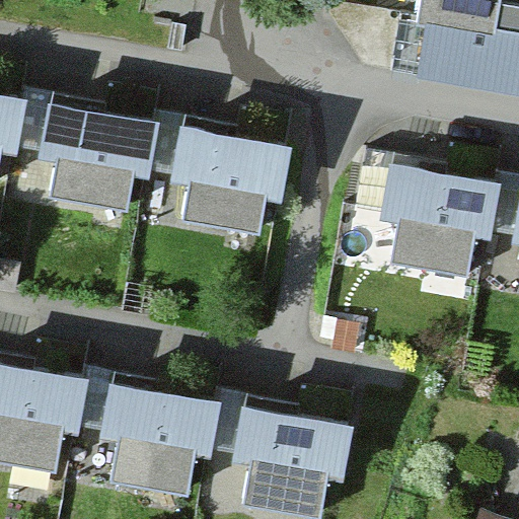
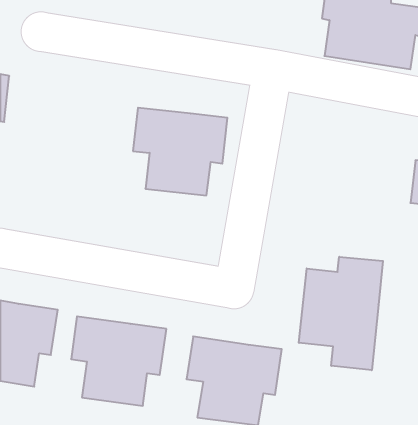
building: [35,104,149,210] -> none
building: [379,169,493,275] -> none
building: none -> [299,257,383,370]

